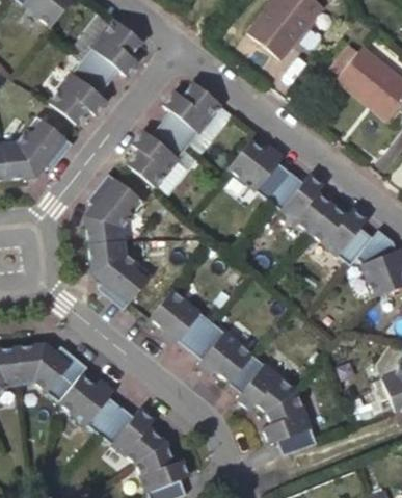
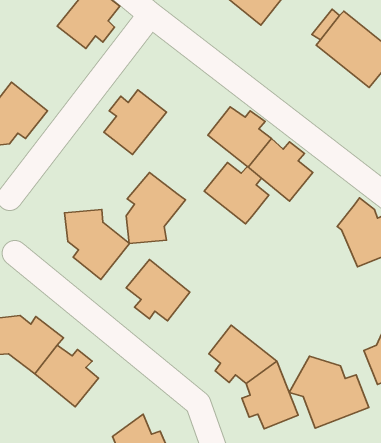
building: [48,61,109,125] -> none
building: [160,82,220,146] -> none
building: [85,175,143,244] -> [126,172,186,243]
building: [309,205,372,265] -> [204,162,269,224]
building: [189,322,251,383] -> none
building: none -> [289,356,369,428]
building: [99,407,165,464] -> none

